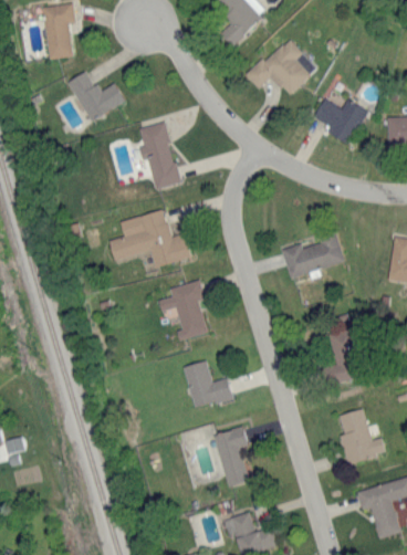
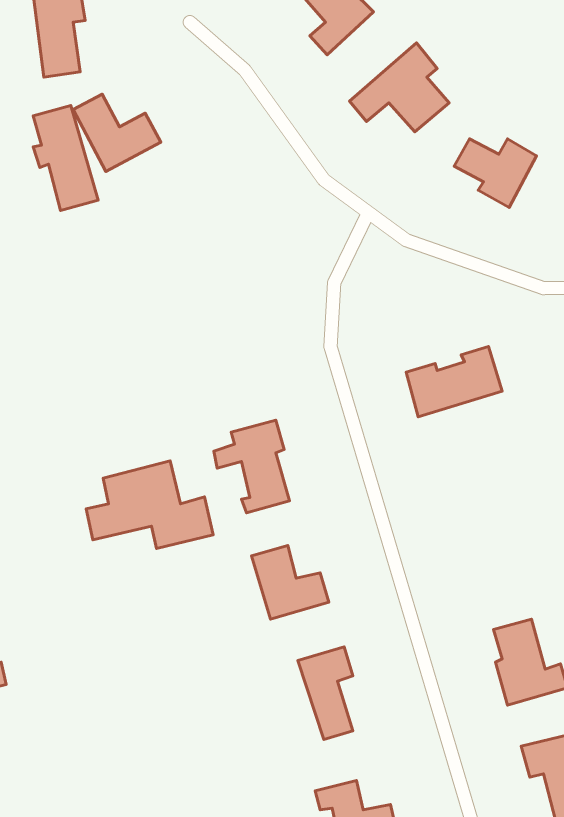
building: [138,122,180,189] -> [33,106,98,210]
building: [108,210,190,266] -> [86,461,213,548]
building: [327,331,353,383] -> none

